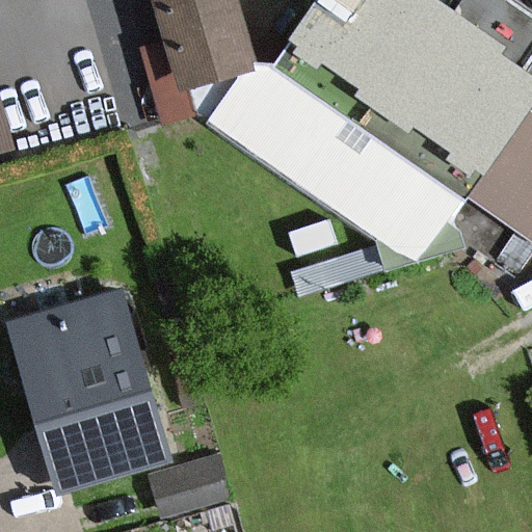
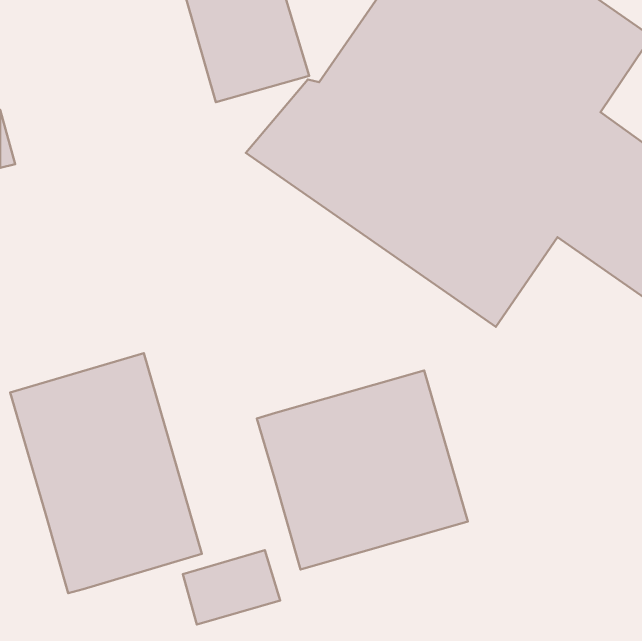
building: none -> [257,370,468,570]

